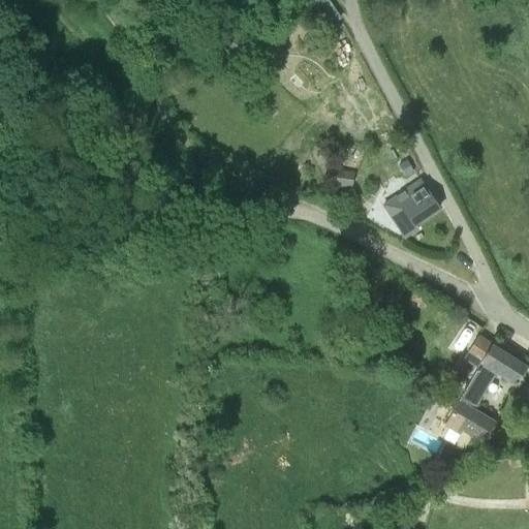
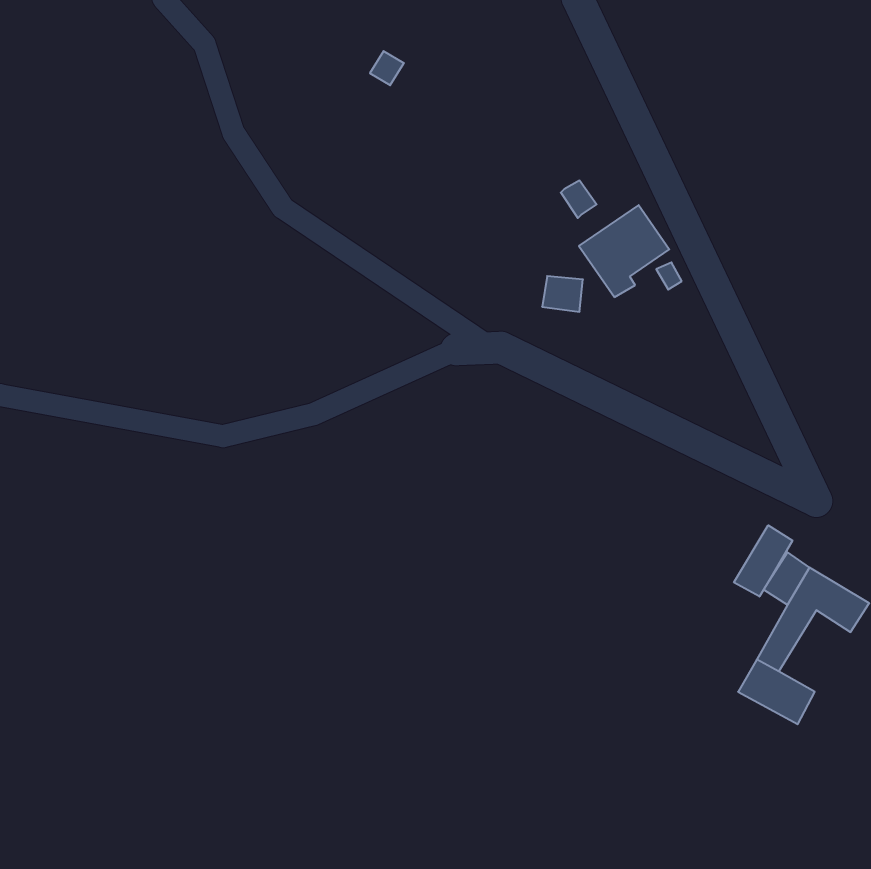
building: [383,180,438,236] -> [579,205,669,297]
building: none -> [734,525,792,597]

